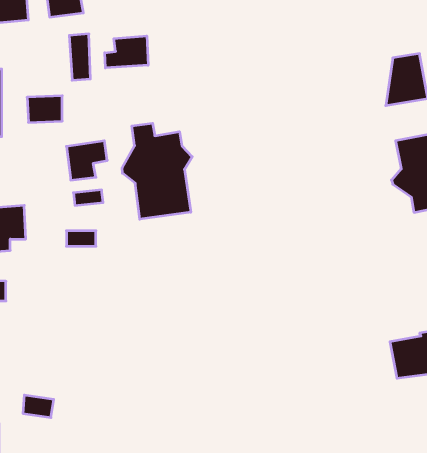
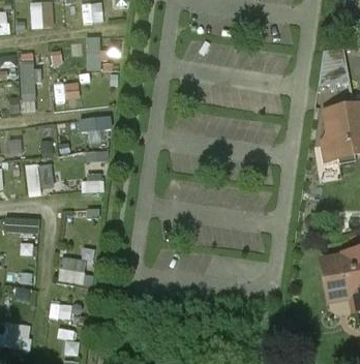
building: [105,36,148,68] -> none
building: [122,123,192,219] -> none
building: none -> [58,256,94,285]

